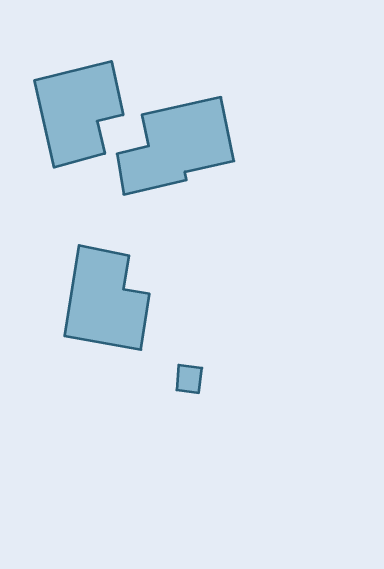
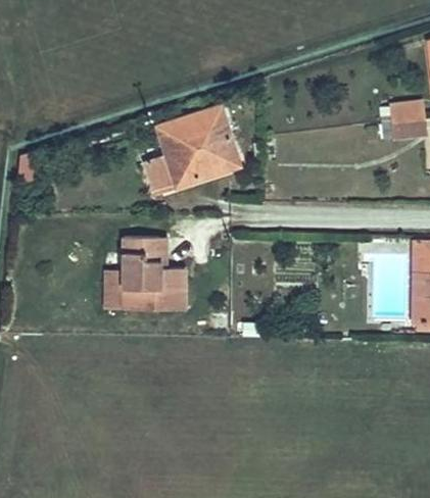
building: [35,61,123,167] -> none

